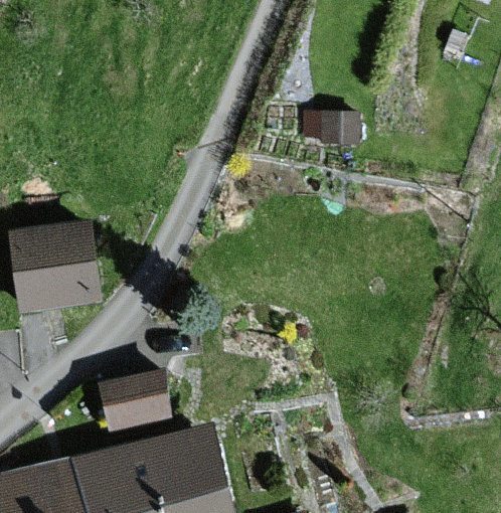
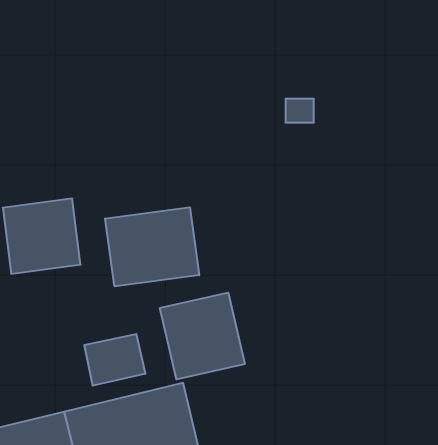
building: none -> [105,207,199,286]
building: none -> [160,293,245,379]

